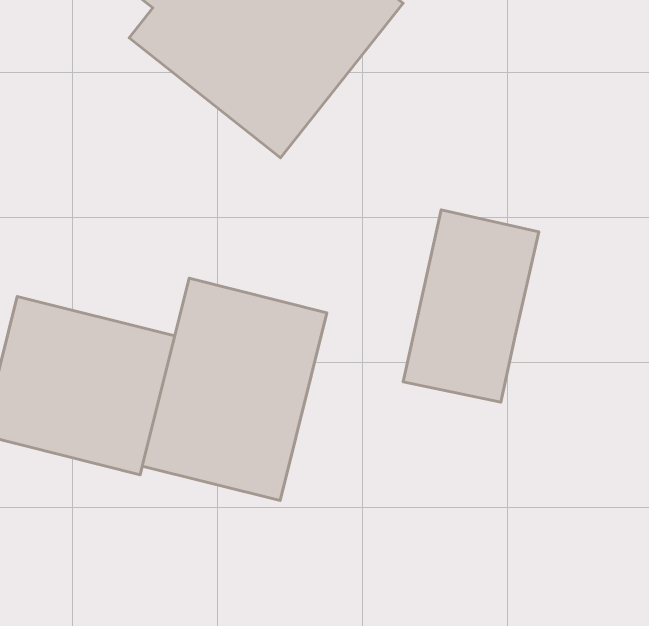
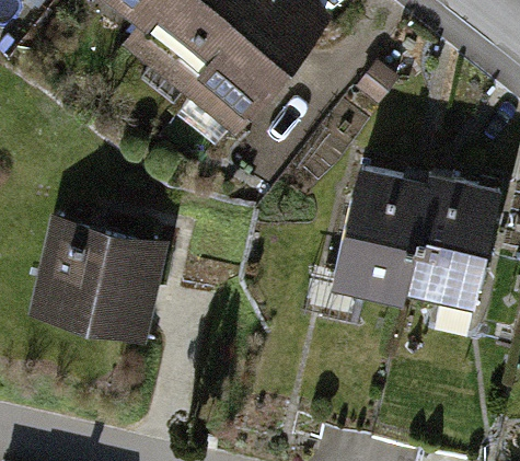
building: none -> [394,177,488,311]
building: [142,278,327,501] -> none

